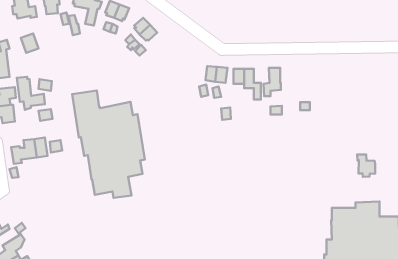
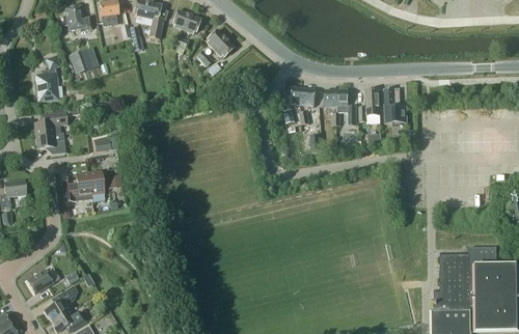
building: none -> [384,88,407,123]
building: [17,77,45,110] -> none
building: [72,90,145,198] -> none
building: [357,155,375,177] -> none

